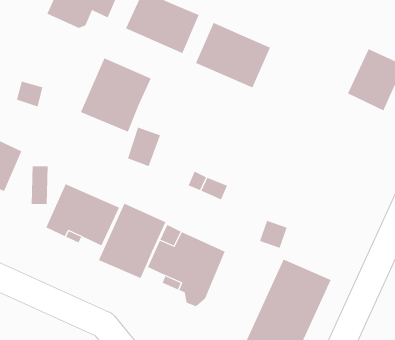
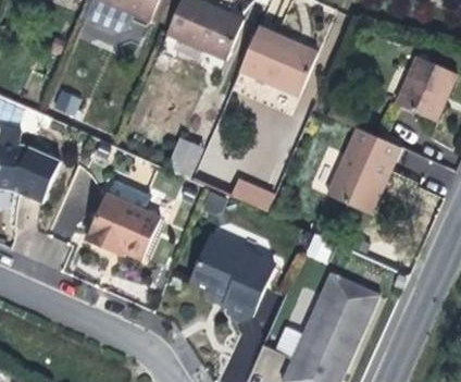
building: [80,57,151,132] -> none
building: none -> [326,127,400,215]
building: [98,203,166,279] -> none

